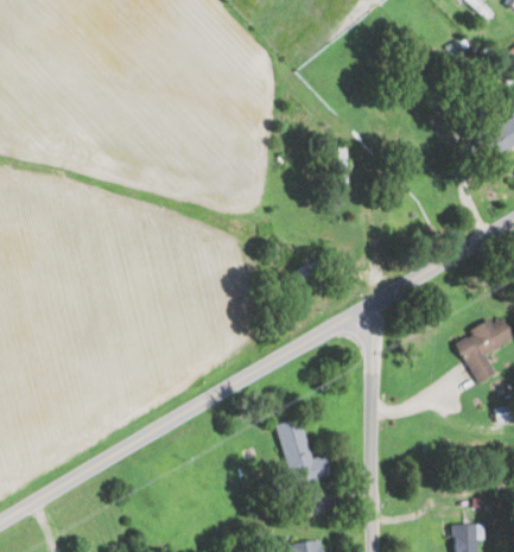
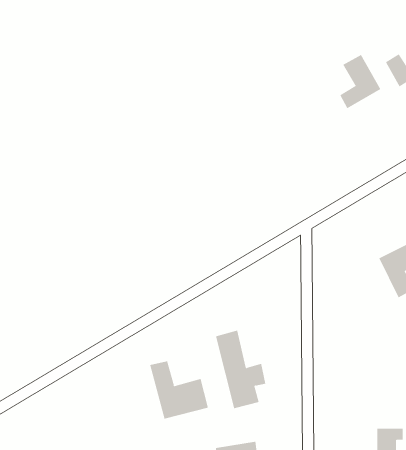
building: none -> [339,54,381,109]
building: none -> [150,361,208,419]

